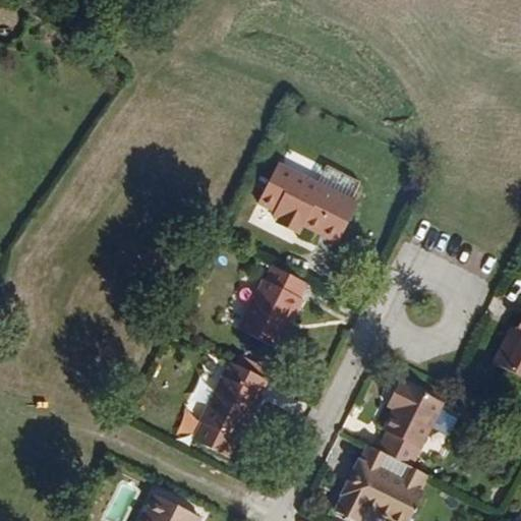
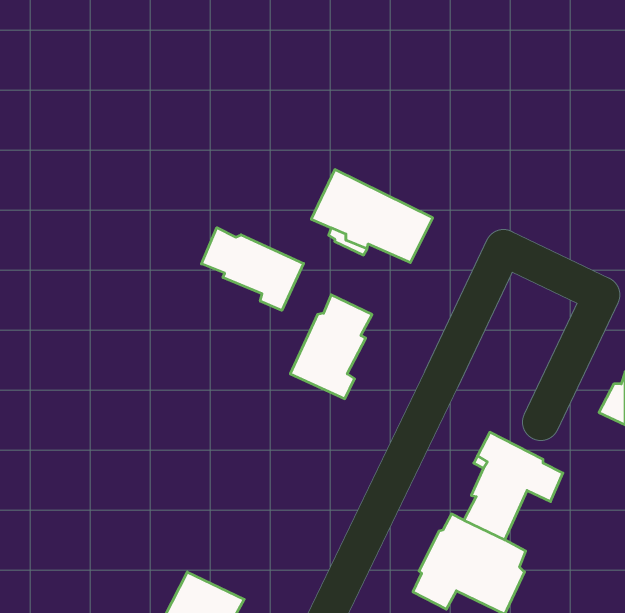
building: none -> [201,228,304,310]
building: [191,356,266,453] -> none

